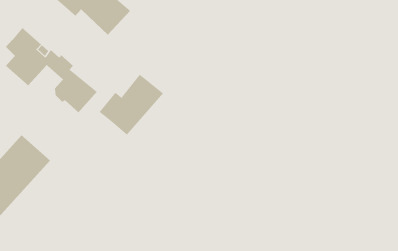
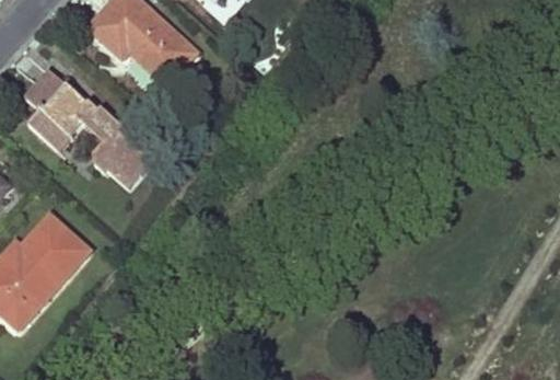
building: [99,74,164,135] -> none

